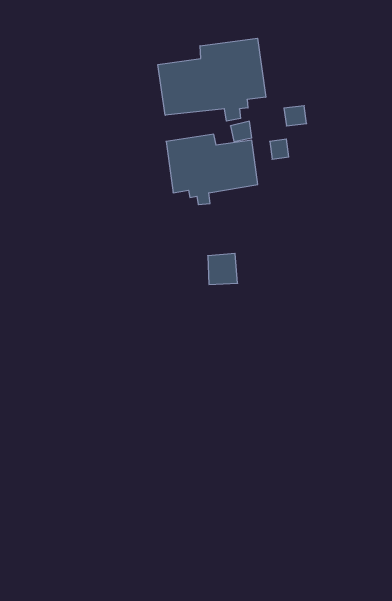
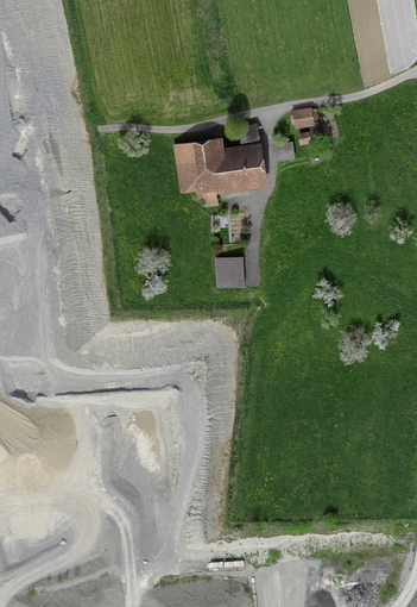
building: [158,38,266,121] -> none

